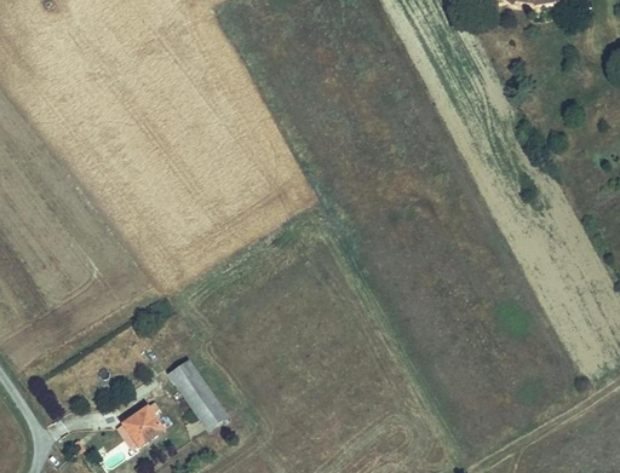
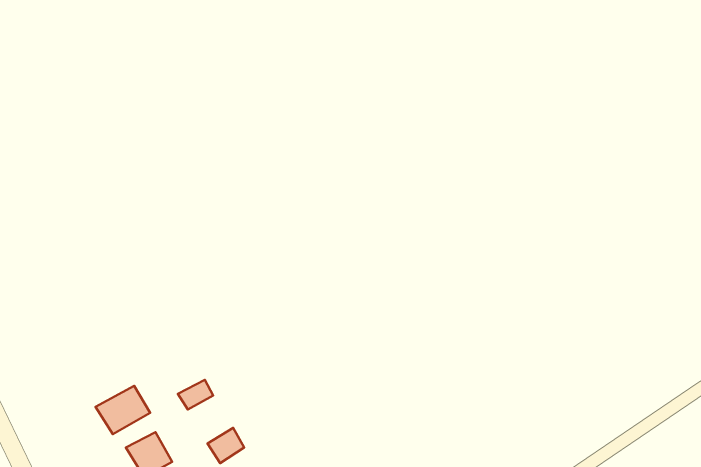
building: none -> [95,386,150,434]
building: [177,377,216,419] -> none

